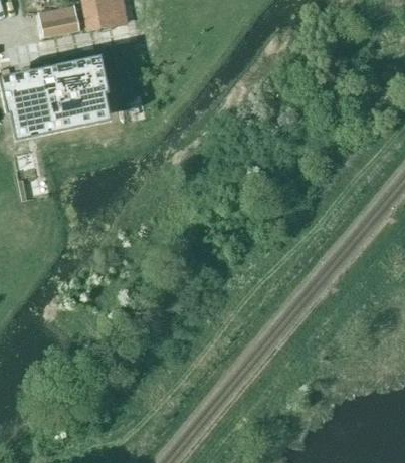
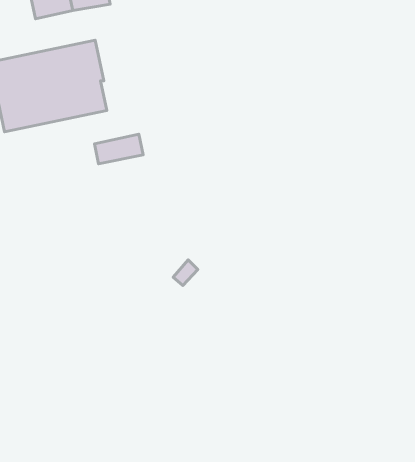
building: none -> [94,134,143,164]

